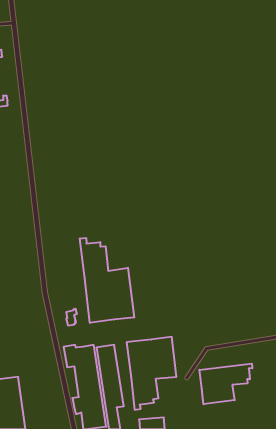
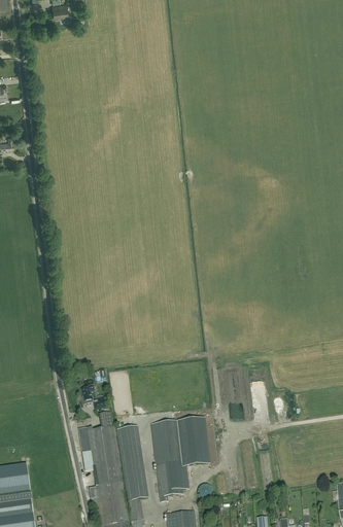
building: [80,238,134,323] -> none
building: [199,364,252,404] -> none

